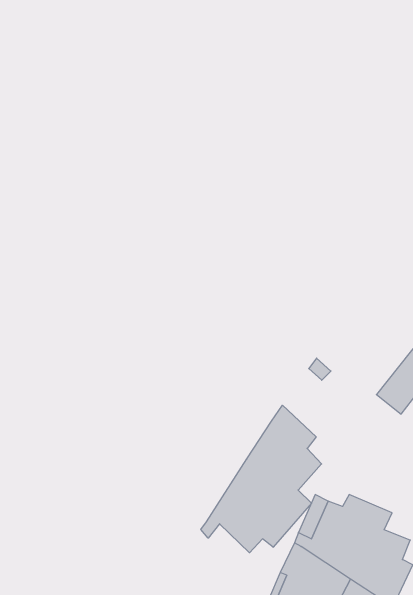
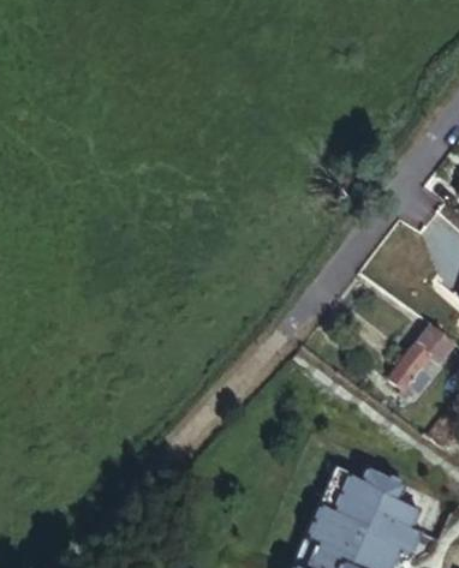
building: [201,405,322,553] -> none

